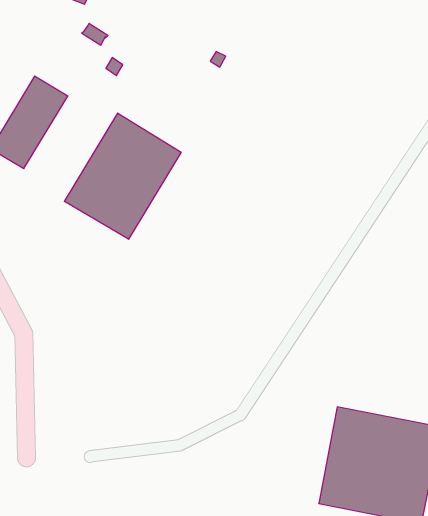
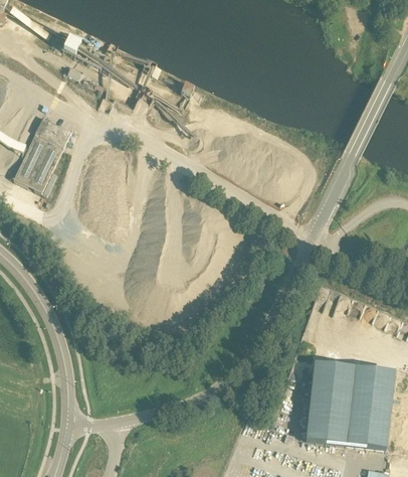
building: [64,113,181,239] -> none

